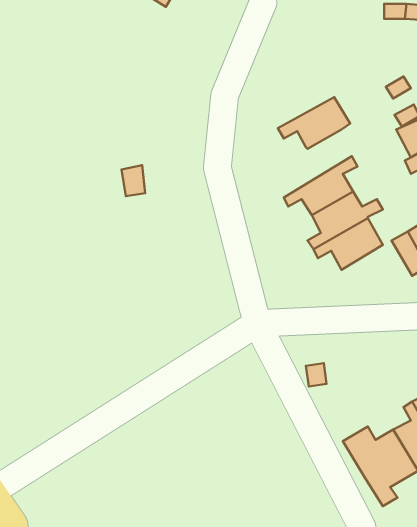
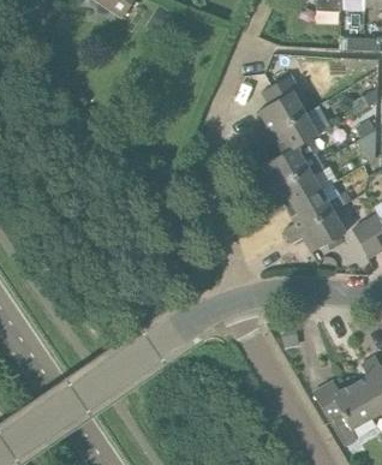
building: none -> [257,74,306,137]
building: none -> [261,138,321,193]

